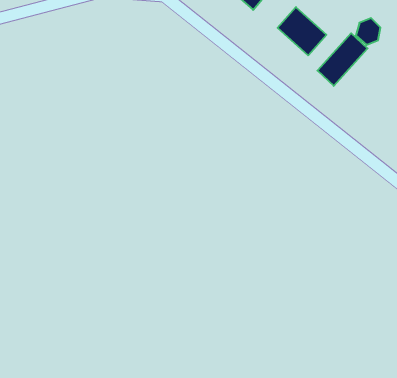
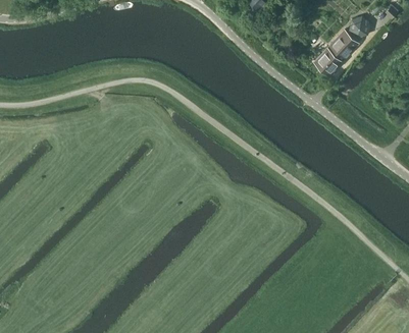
building: [278,7,326,55] -> none

